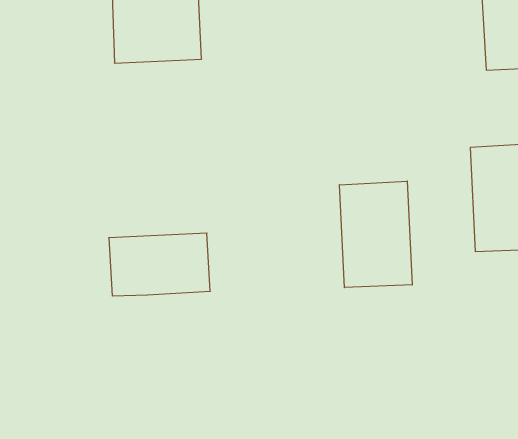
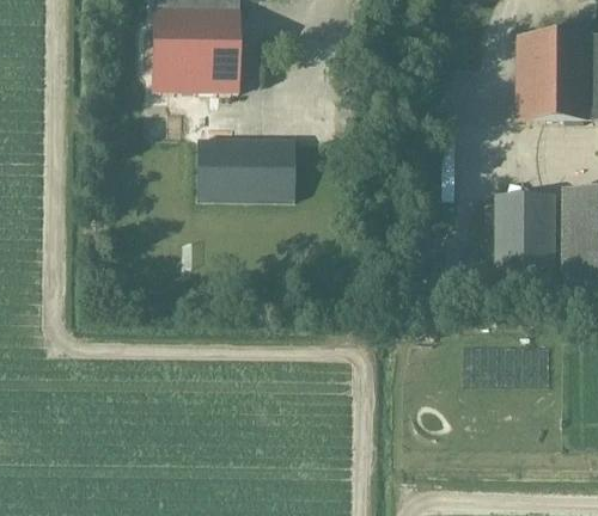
building: [339,181,412,288] -> none
building: [109,233,210,296] -> [196,137,293,196]

